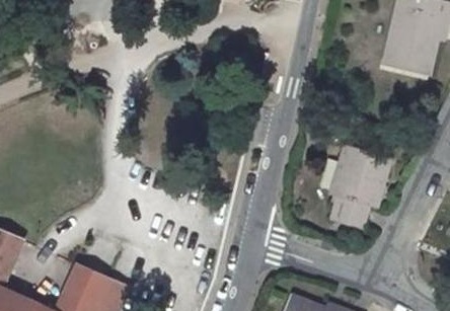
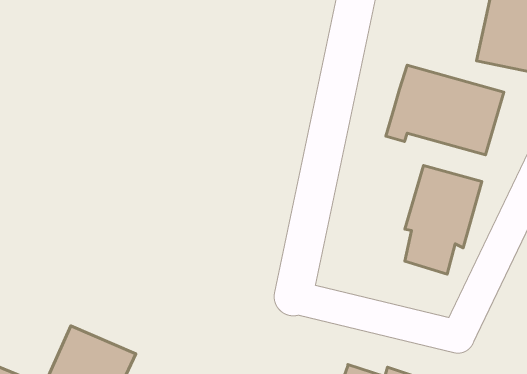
building: none -> [386,65,504,155]

